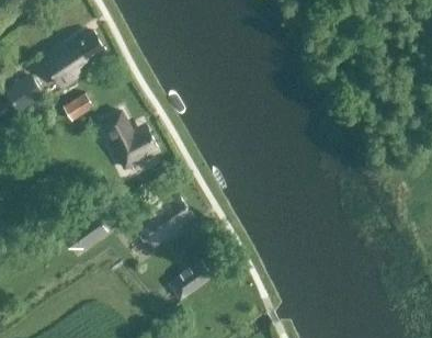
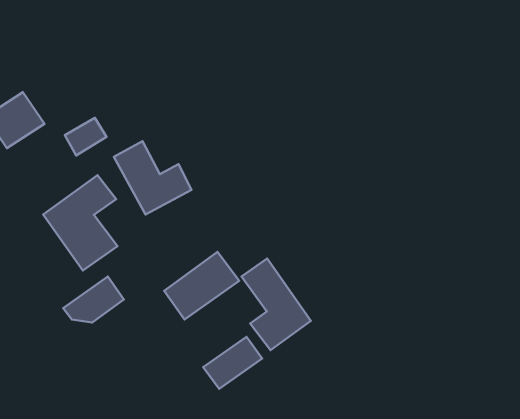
building: [46,34,105,88] -> none
building: none -> [43,175,117,271]
building: none -> [241,259,311,350]

